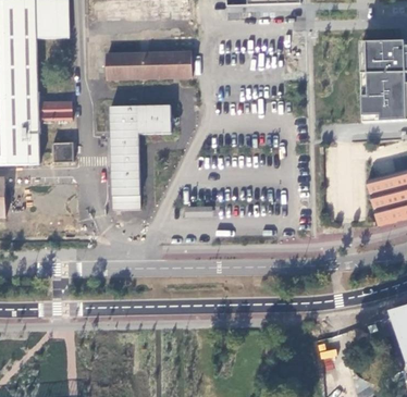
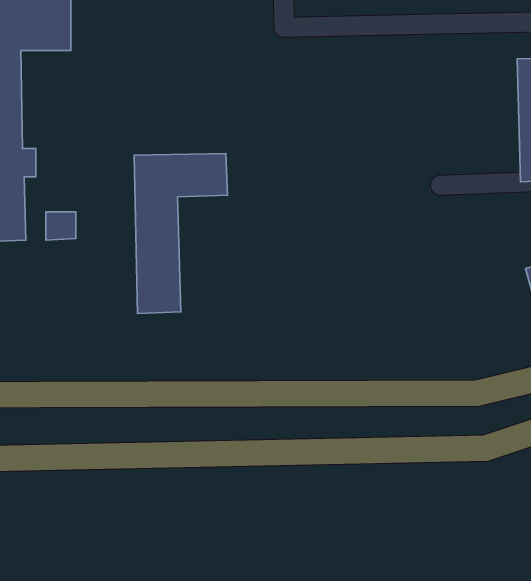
building: [106,51,192,79] -> none
building: [46,100,72,120] -> none

